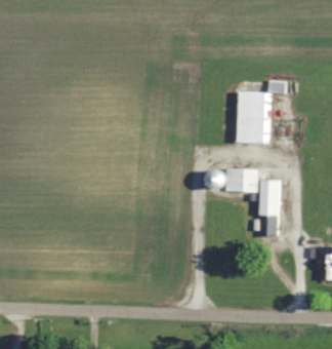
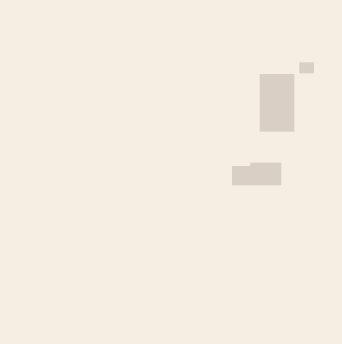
building: [260,180,278,236] -> none

